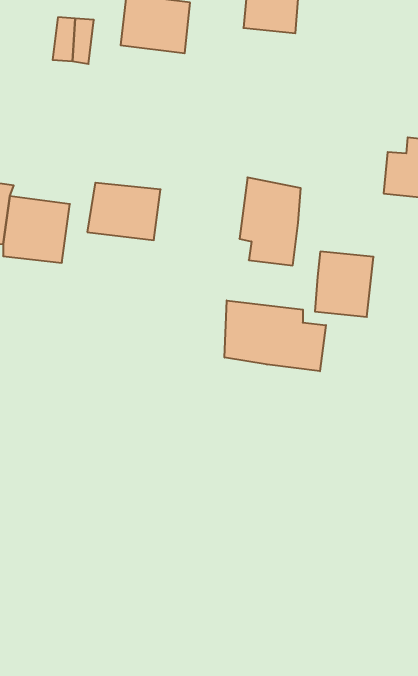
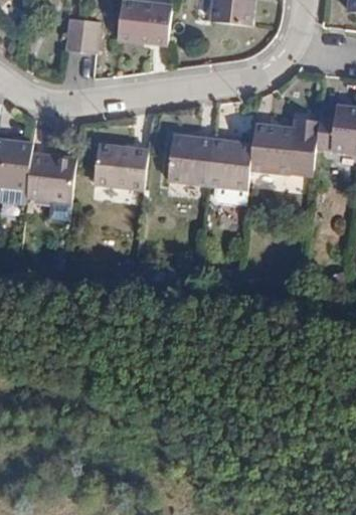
building: none -> [167,134,213,183]
building: [315,252,374,317] -> [251,126,296,175]
building: [225,300,326,371] -> none

